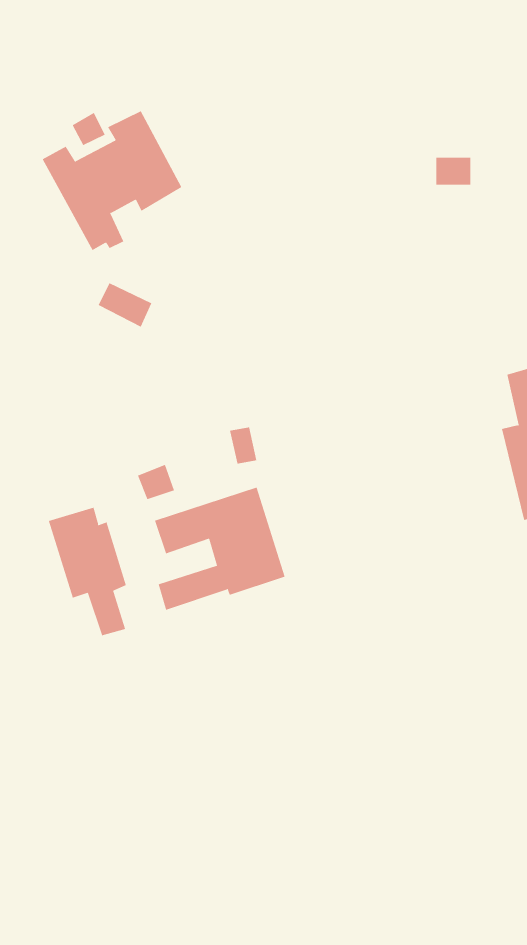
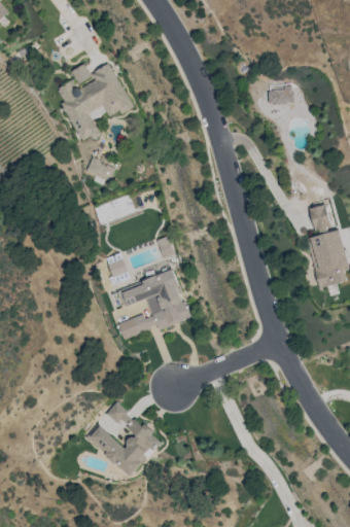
building: [48,507,127,636] -> none
building: none -> [84,402,161,475]

